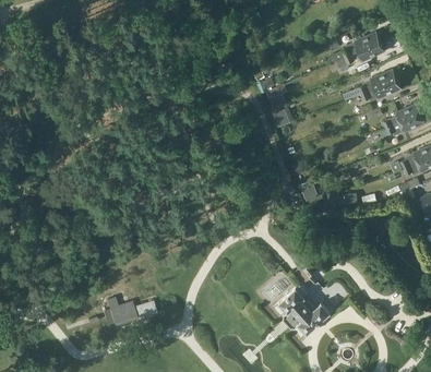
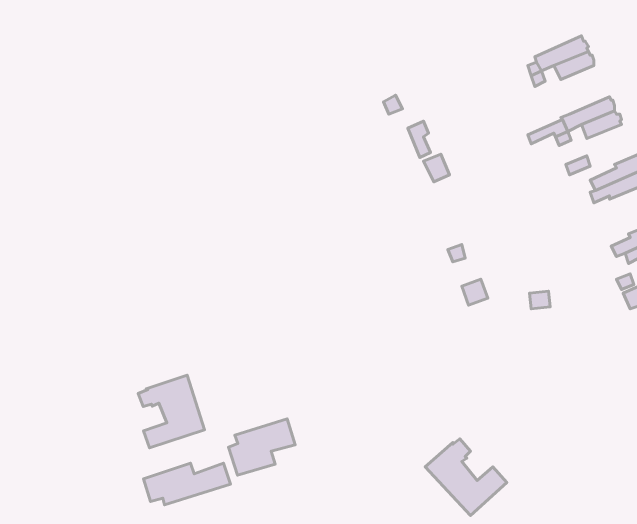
building: none -> [138,375,205,448]
building: none -> [229,419,295,475]

